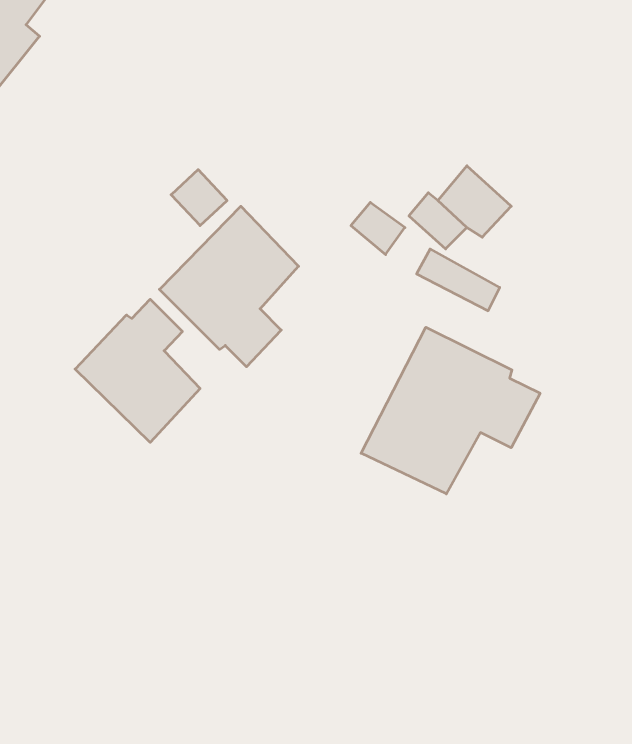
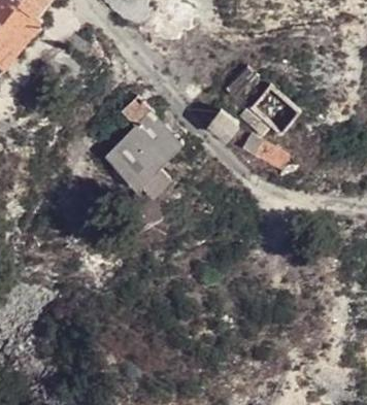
building: [75,299,200,442] -> none
building: [361,327,540,494] -> none

